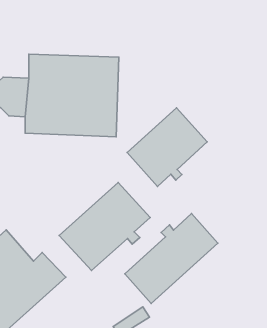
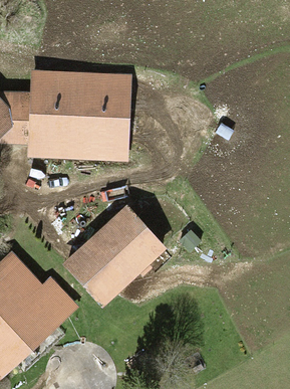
building: [127,108,207,187] -> none
building: [125,214,218,303] -> none

